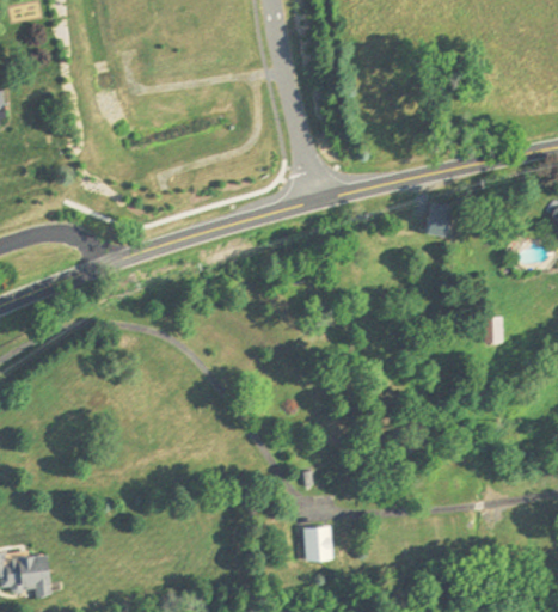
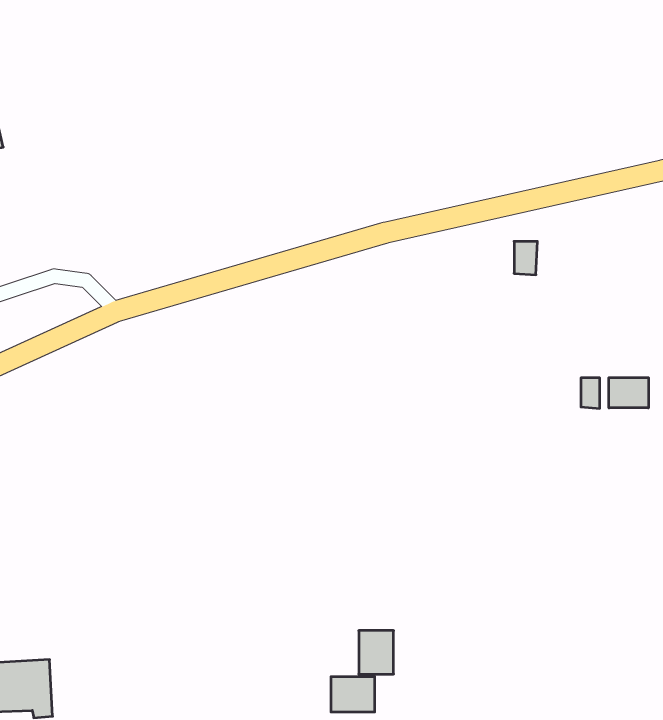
building: none -> [609,378,648,408]
building: none -> [331,677,375,712]

